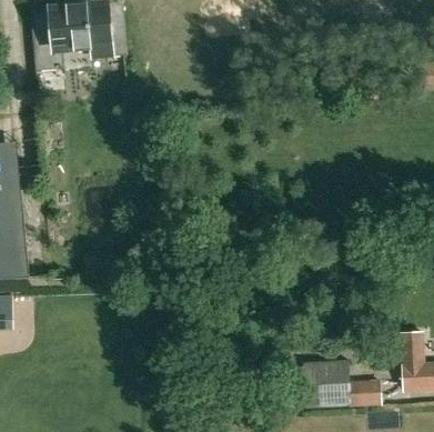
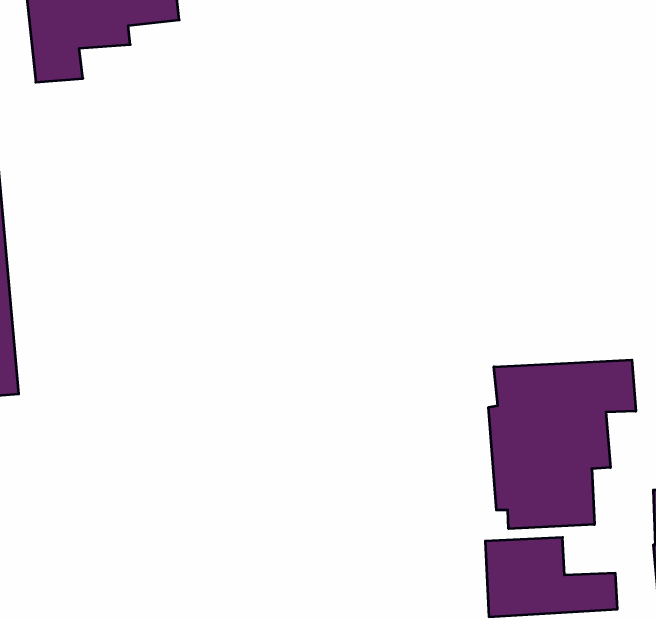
building: none -> [489,360,636,529]

